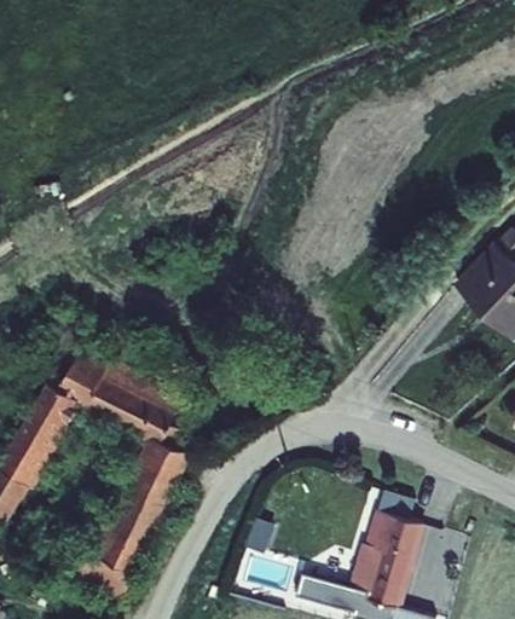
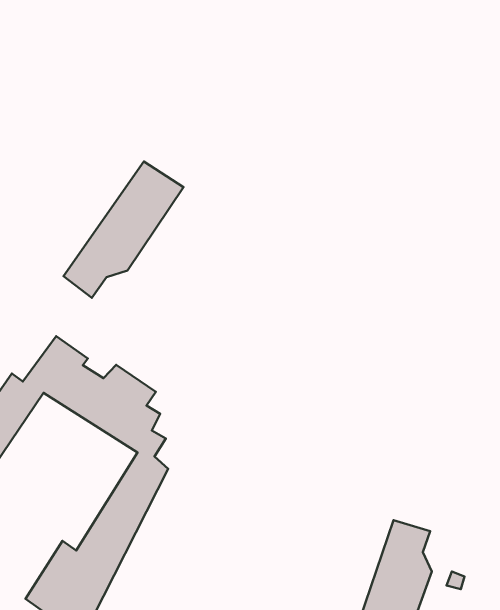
building: none -> [63,161,184,298]

